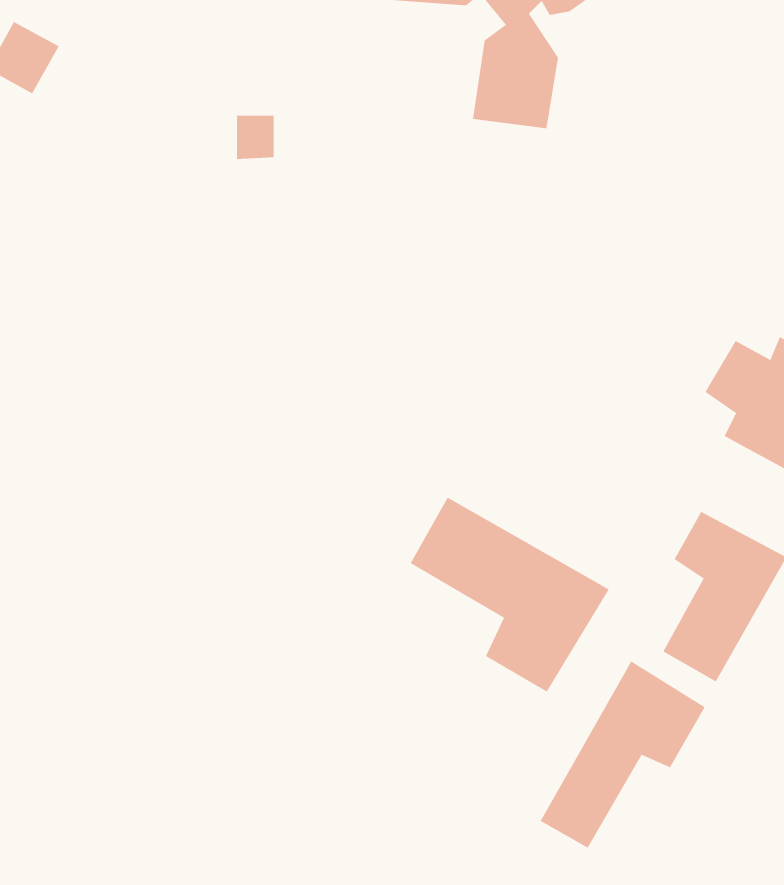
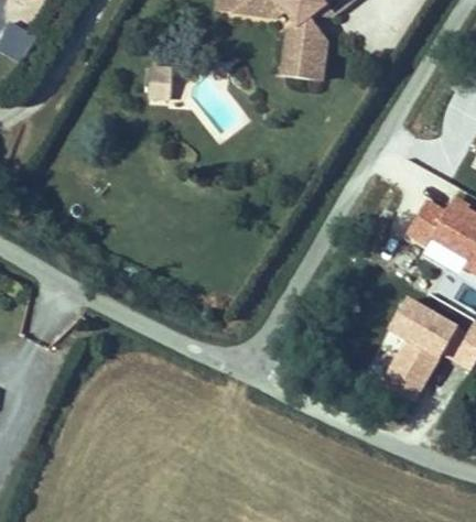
building: [410,497,610,692] -> none
building: [540,660,706,849] -> none

